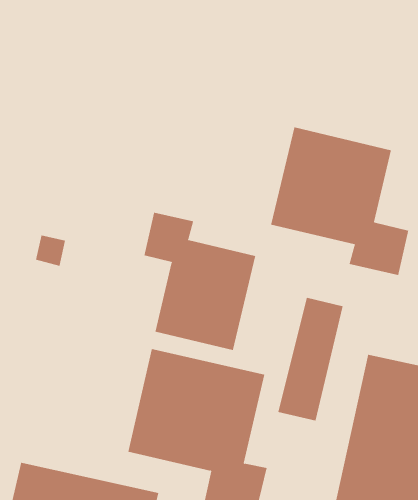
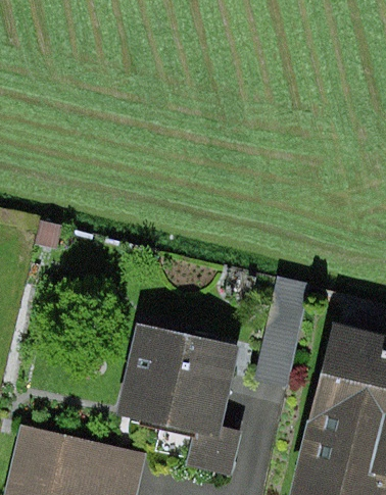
building: [271,127,409,276] -> none
building: [144,212,256,351] -> none

